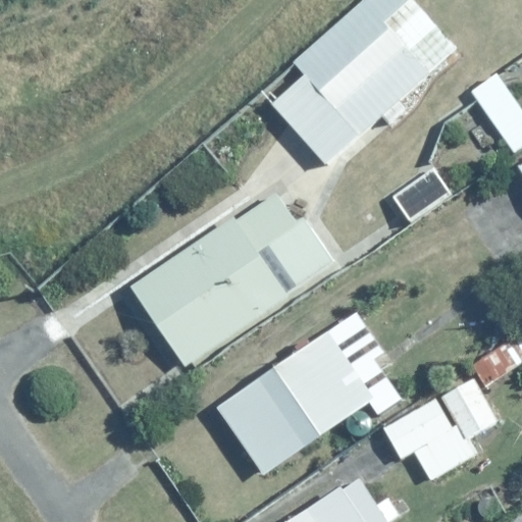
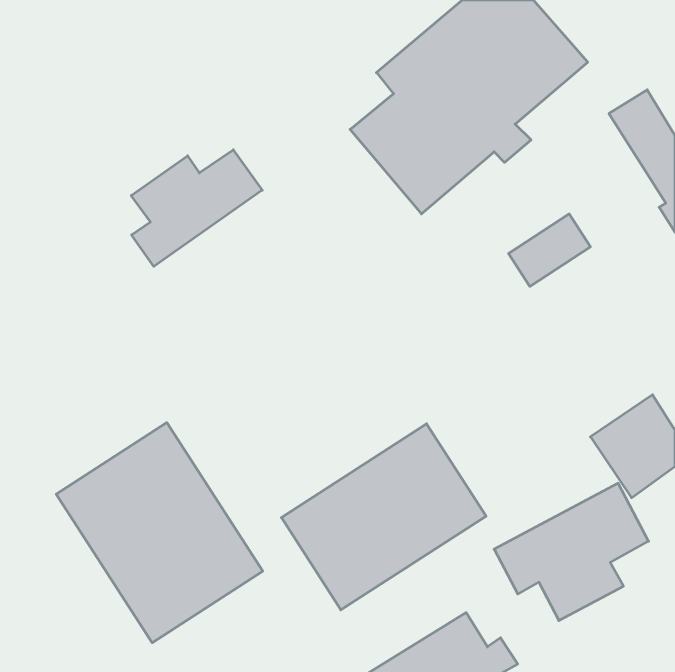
building: none -> [131,150,262,266]
building: [129,187,337,366] -> none
building: none -> [56,423,263,643]

